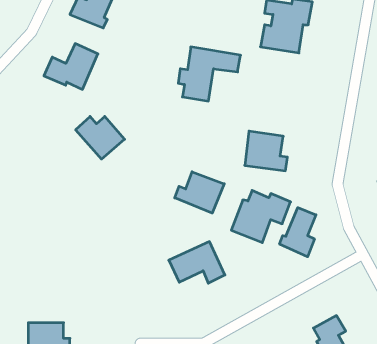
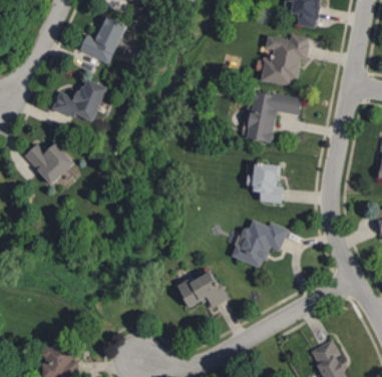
building: [178,47,241,101] -> [243,91,303,143]
building: [76,116,125,159] -> [23,141,70,182]
building: [175,172,224,213] -> none
building: [280,208,316,257] -> none

